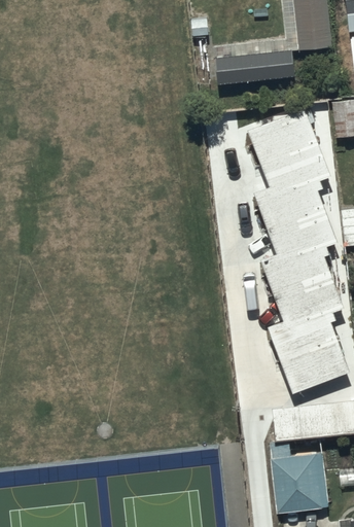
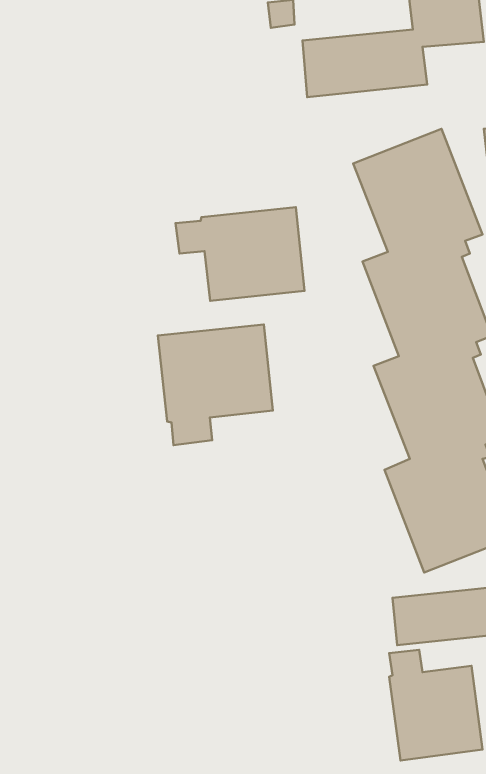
building: none -> [176,207,305,301]
building: none -> [158,325,273,445]

